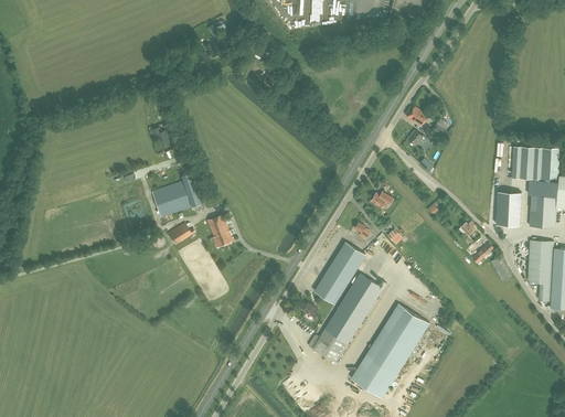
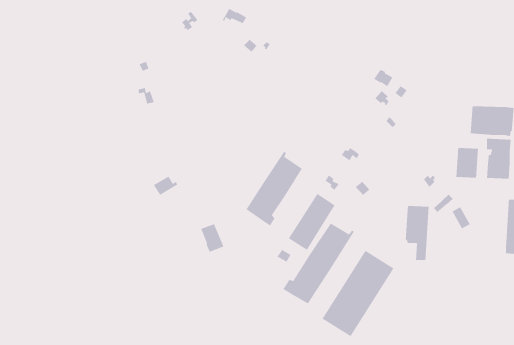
building: [151,181,204,218] -> none
building: none -> [246,151,303,226]
building: [206,215,233,247] -> [200,223,224,253]
building: [526,240,553,301] -> [405,205,429,261]

